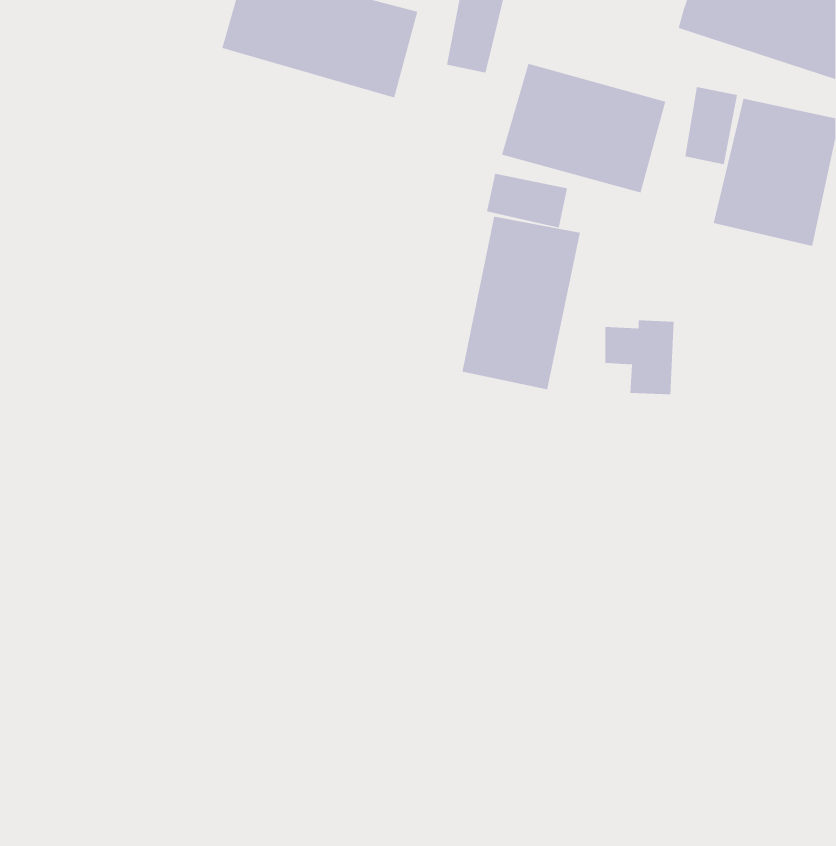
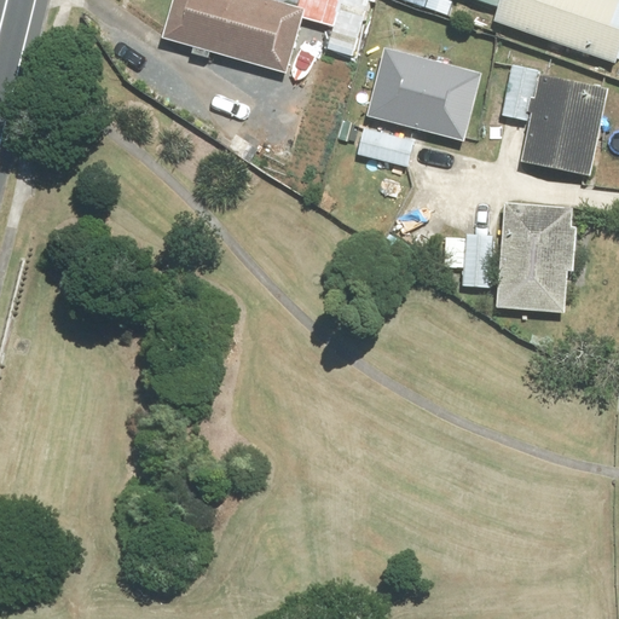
building: [462,216,580,390] -> none
building: none -> [499,202,573,319]

